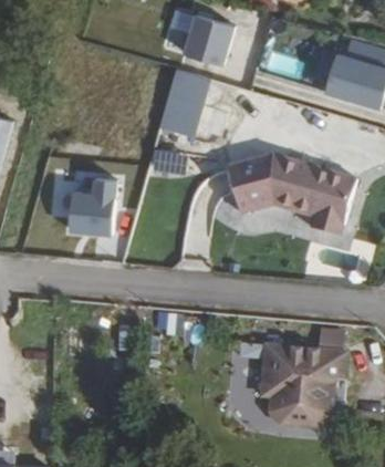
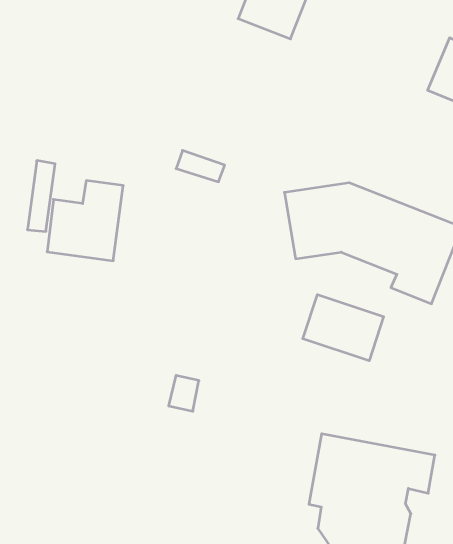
building: [156,69,207,136] -> none
building: none -> [303,295,384,361]

